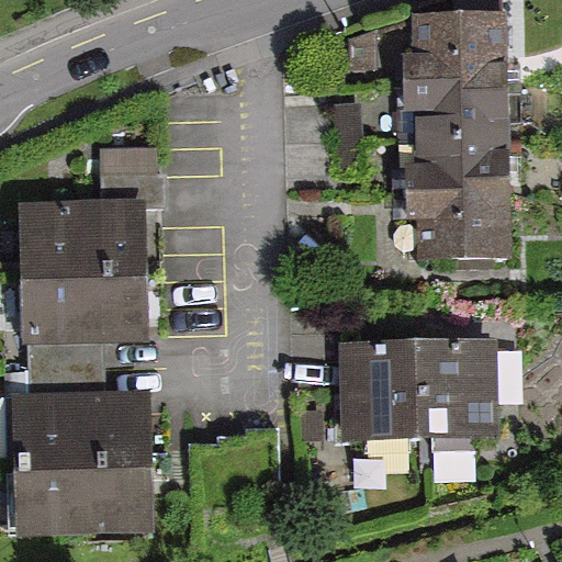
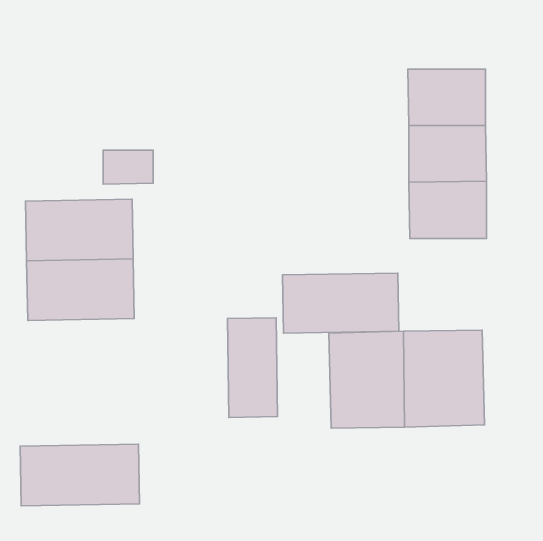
building: [420,13,501,71] -> none
building: none -> [282,273,399,333]
building: none -> [227,318,278,417]
building: [20,397,143,460] -> none

